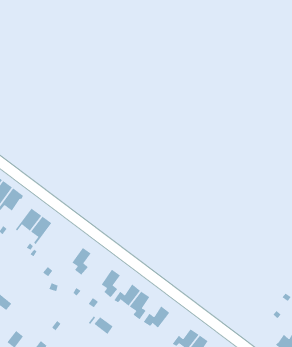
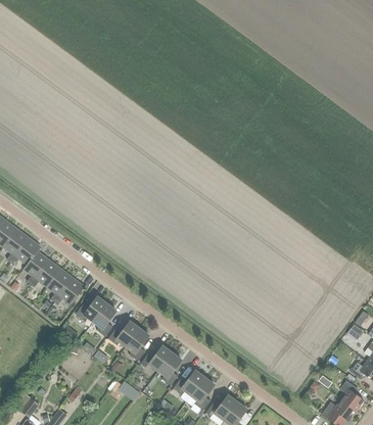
building: none -> [22,250,48,284]
building: none -> [53,277,84,303]
building: none -> [75,295,105,321]
building: none -> [107,320,138,345]
building: none -> [190,377,214,410]

